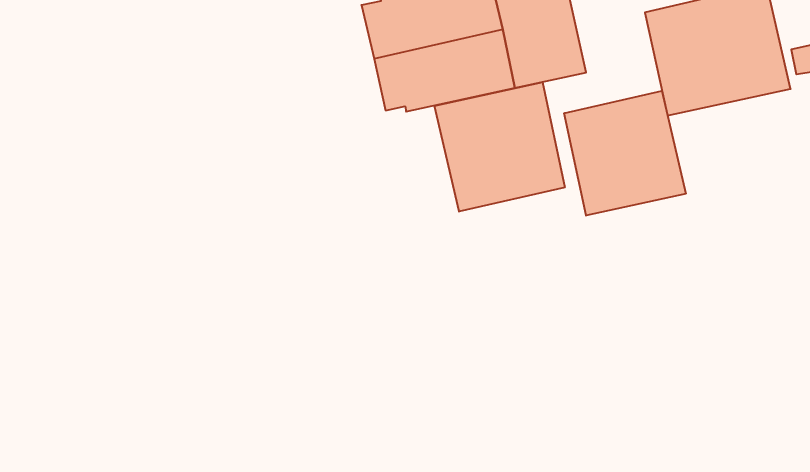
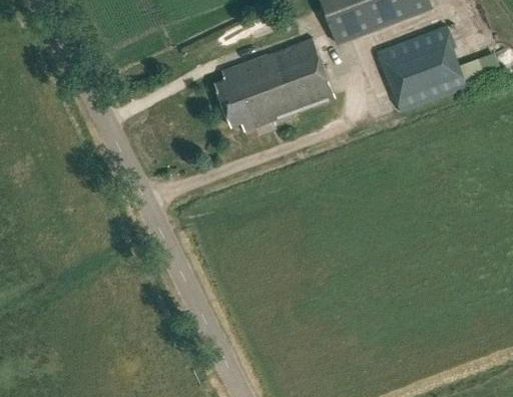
building: [434,82,565,212] -> none
building: [564,91,686,216] -> none

